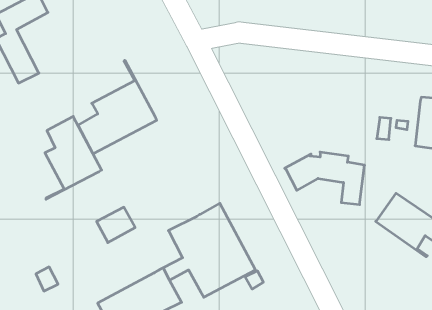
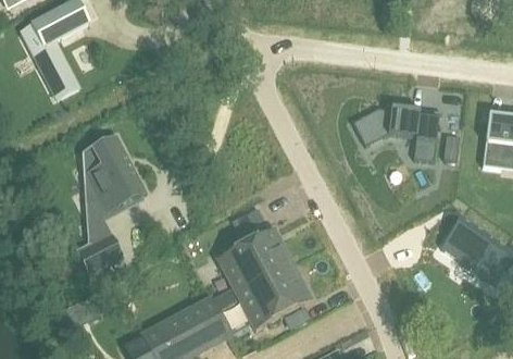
building: [78,60,157,154] -> none
building: [285,152,365,205] -> [352,104,438,161]
building: [97,207,135,243] -> [79,235,121,273]

